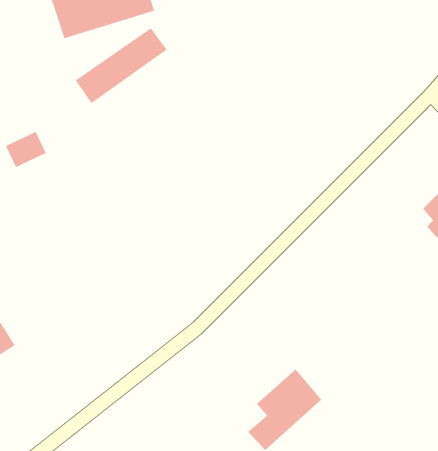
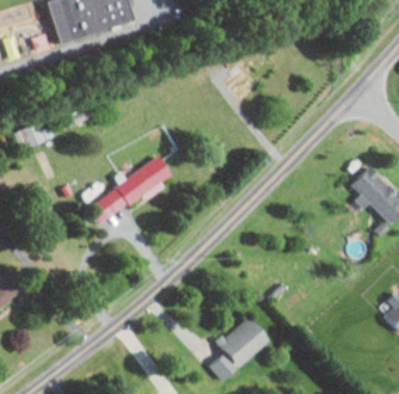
building: [75,28,167,104] -> [98,155,173,217]

